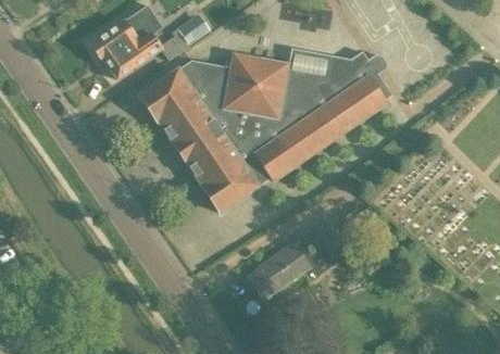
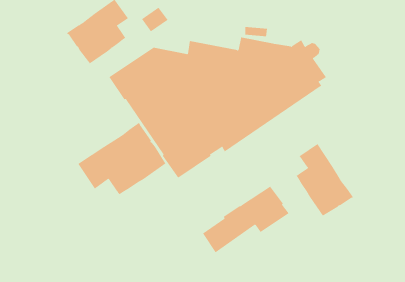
building: none -> [77,122,166,195]
building: none -> [296,143,354,217]

